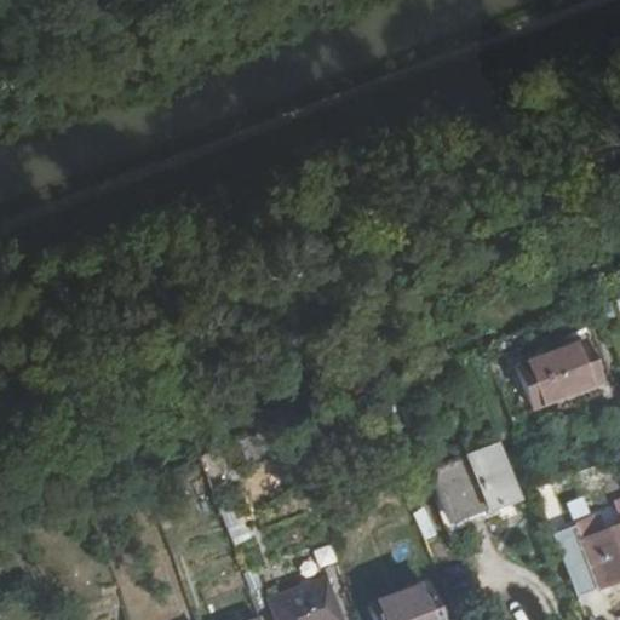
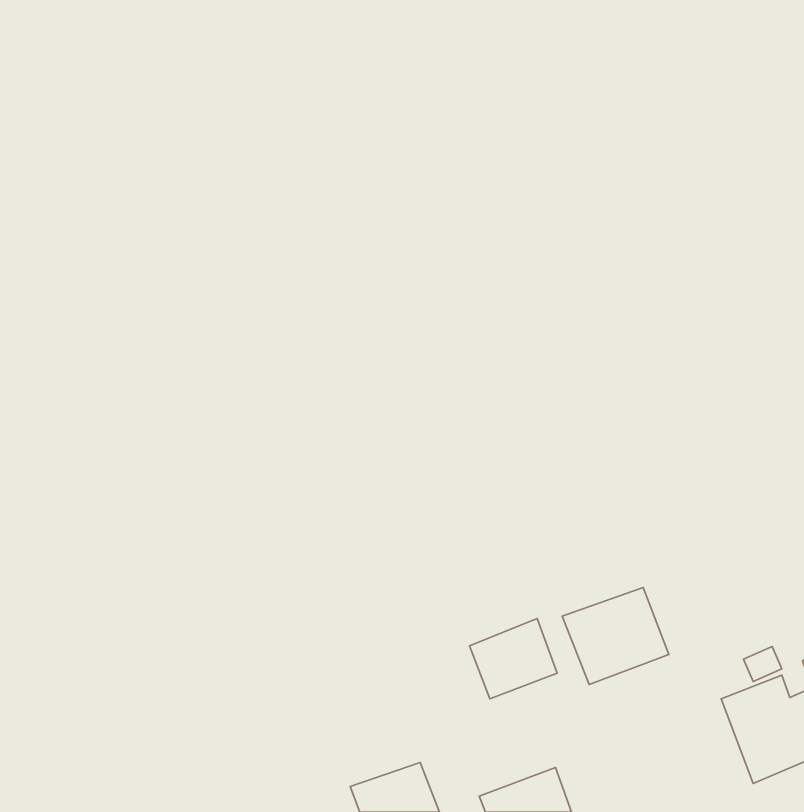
building: [519,341,603,407] -> none
building: none -> [470,618,557,699]

